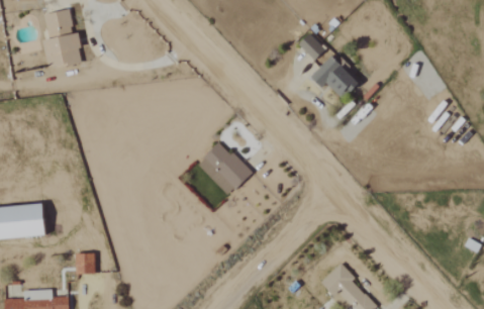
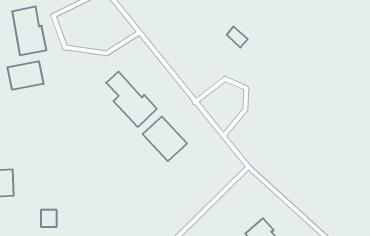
building: [313,57,357,99] -> none
building: none -> [8,61,44,90]
building: none -> [106,72,157,127]

